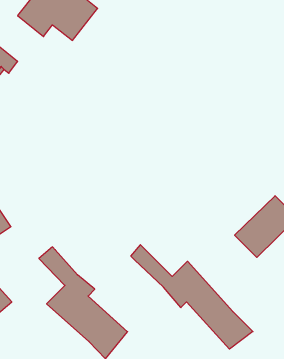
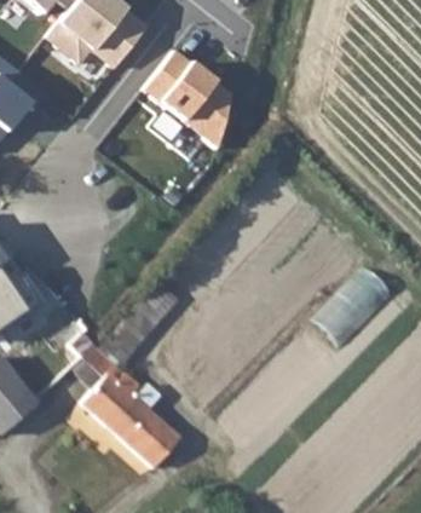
building: none -> [143,52,230,150]
building: [131,245,253,349] -> none

